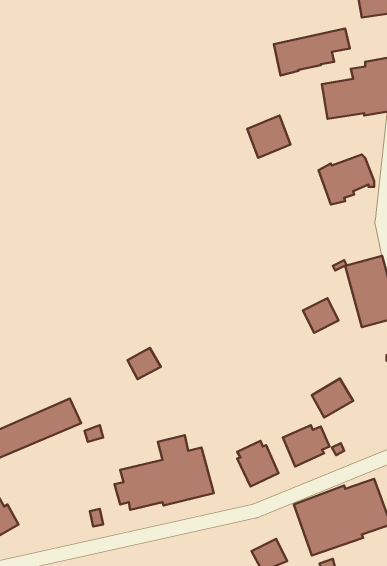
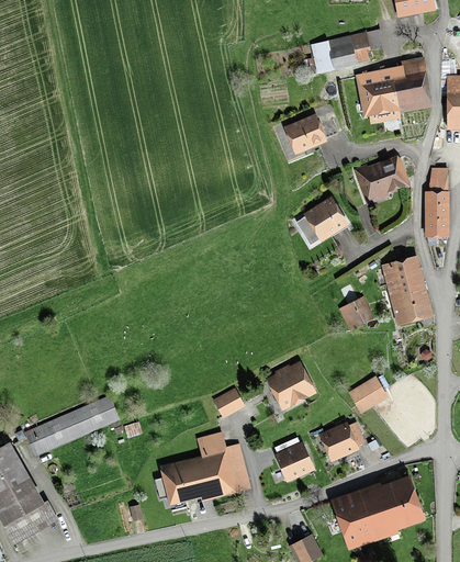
building: none -> [296,194,350,244]
building: [127,348,161,379] -> [213,386,246,417]
building: none -> [266,359,317,409]

